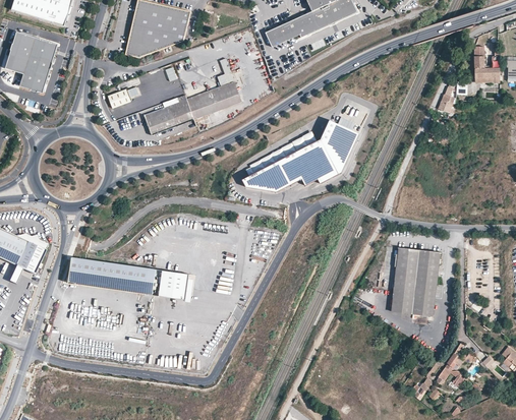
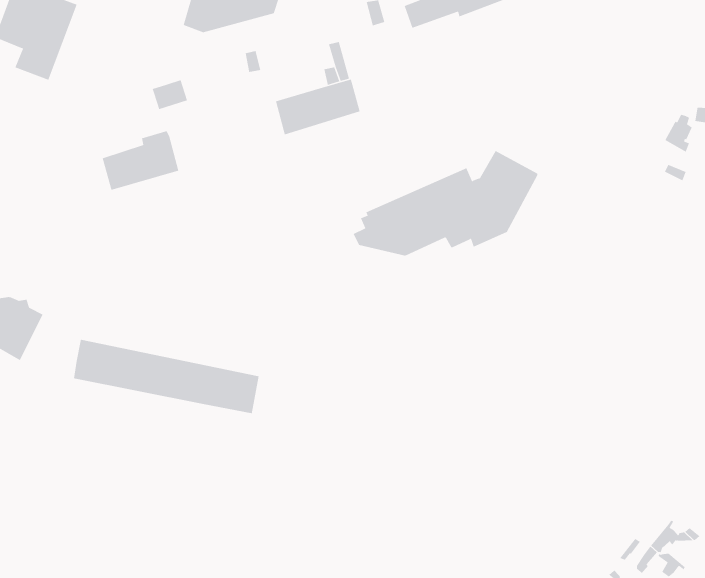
building: [144,94,193,134] -> [102,130,179,191]
building: [391,247,440,315] -> none

